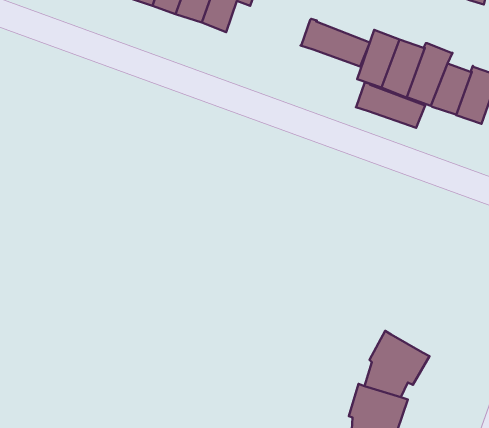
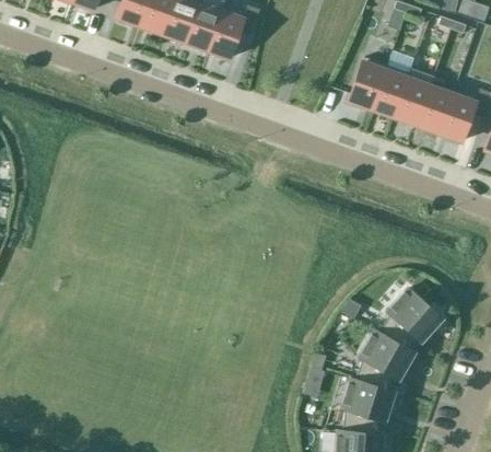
building: [301,19,370,66] -> none
building: [356,82,425,128] -> none
building: none -> [379,288,442,349]

